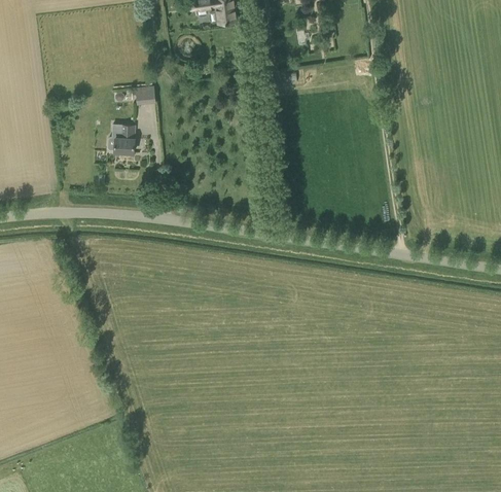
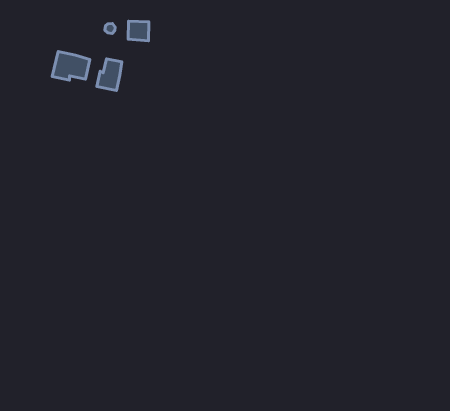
building: none -> [52,52,90,80]

